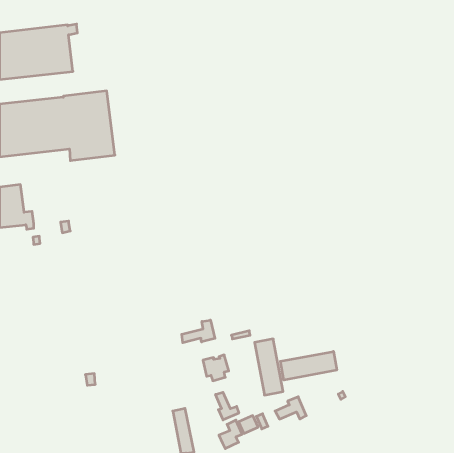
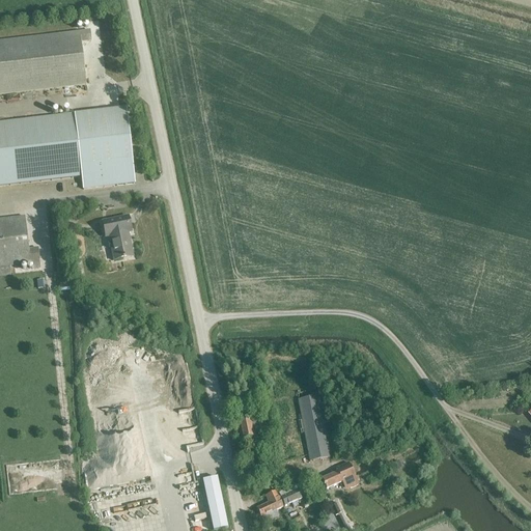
building: none -> [102,217,132,258]
building: [182,320,215,343] -> none
building: [280,351,337,380] -> none
building: [216,392,239,420] -> none

